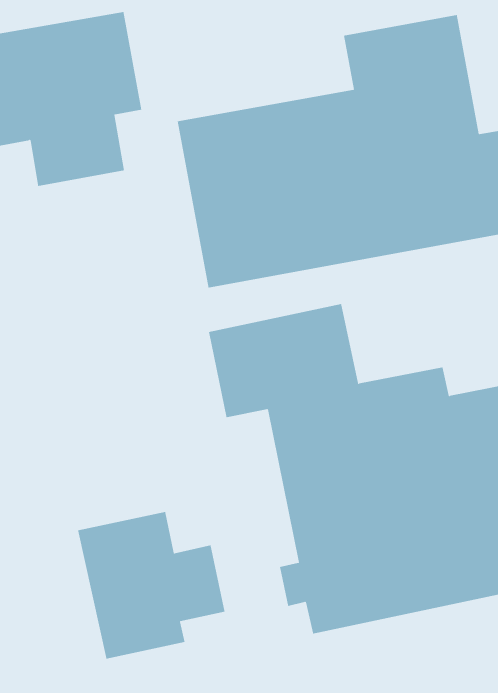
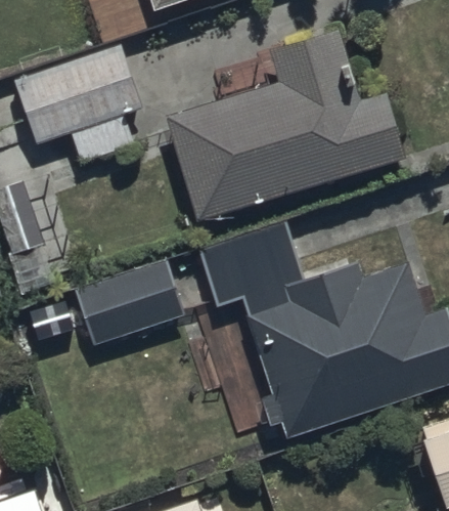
building: none -> [73,260,185,345]
building: [78,511,225,659] -> none

